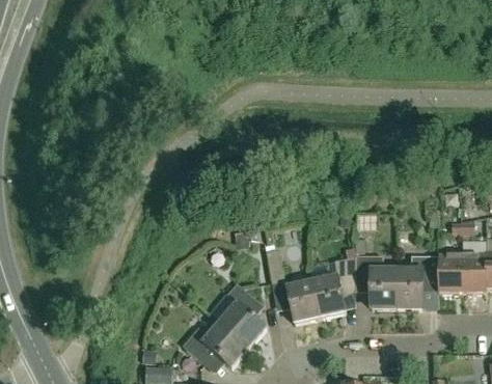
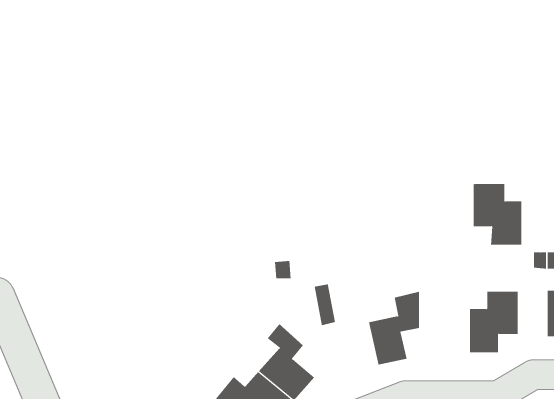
building: [438,253,462,293] -> none
building: [355,254,397,306] -> [473,184,522,245]
building: [285,280,320,323] -> none

